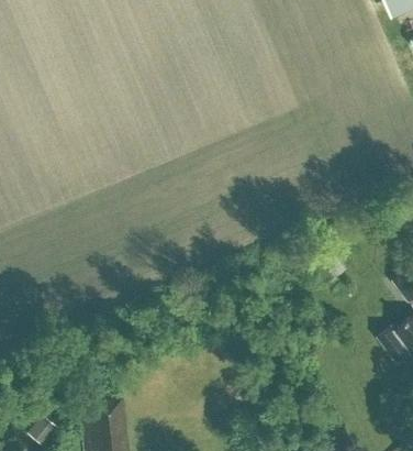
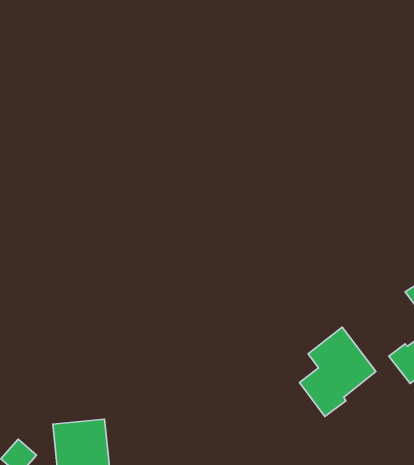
building: none -> [300,327,376,417]

